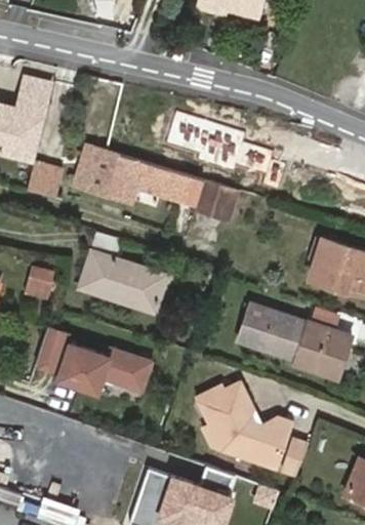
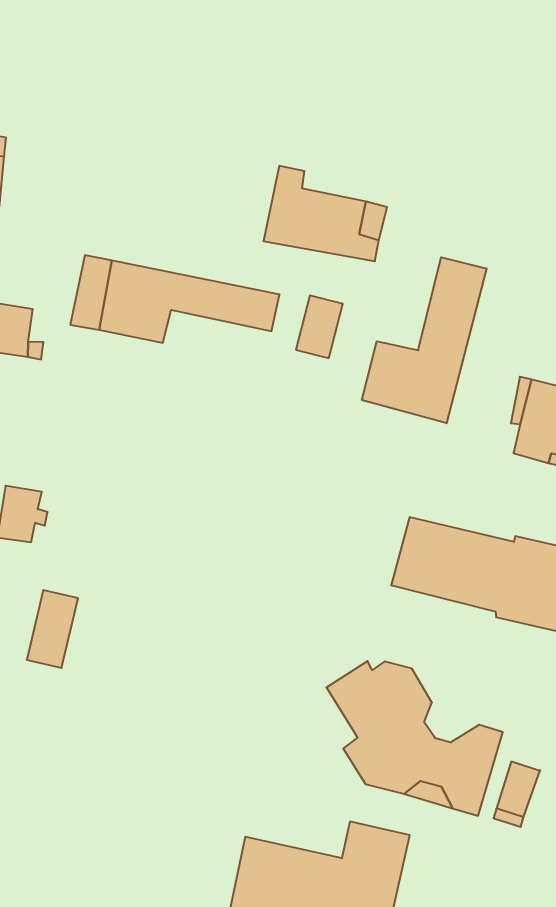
building: none -> [362,257,487,423]
building: [80,234,165,312] -> none
building: [58,344,151,392] -> none

